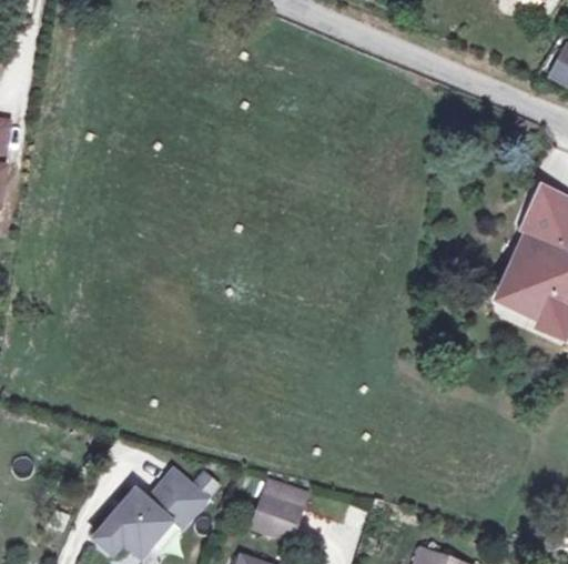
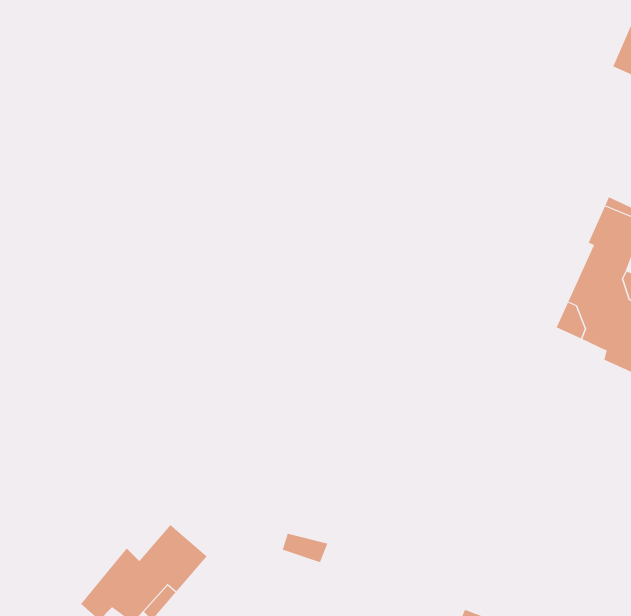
building: [252,494,298,536] -> none

